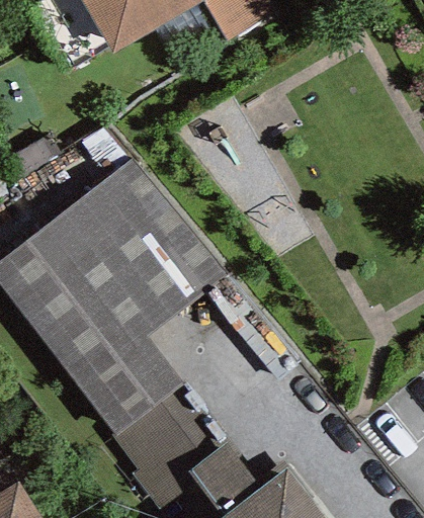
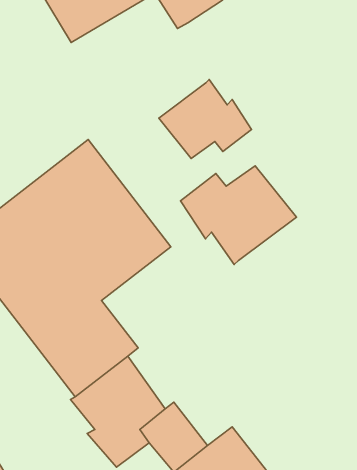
building: none -> [159,80,252,158]
building: none -> [180,166,296,265]

